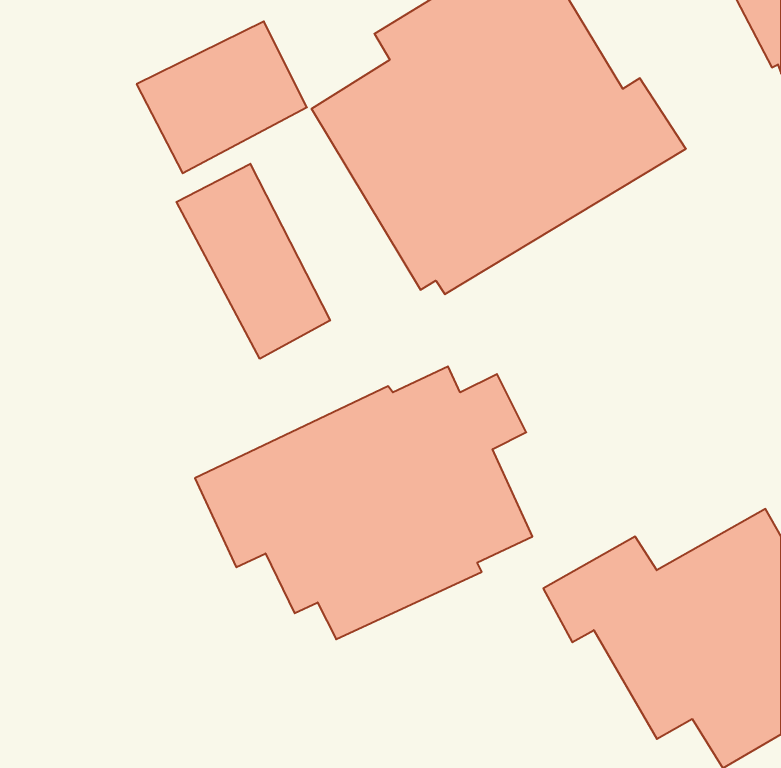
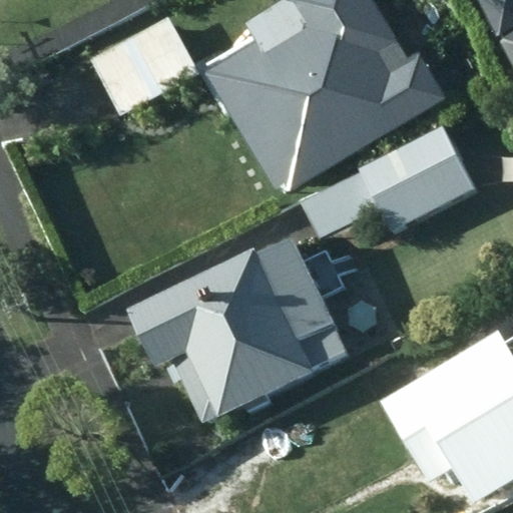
building: [176,164,330,359] -> none
building: none -> [300,124,474,235]

